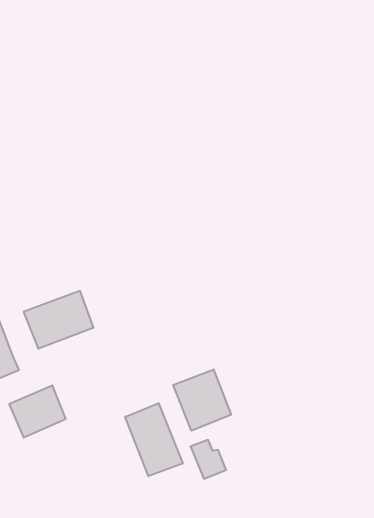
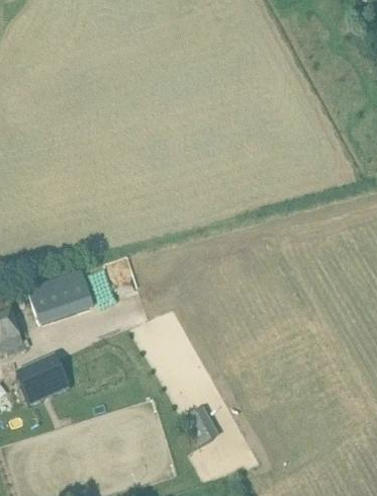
building: [173,369,231,431] -> none
building: [125,403,183,476] -> none

